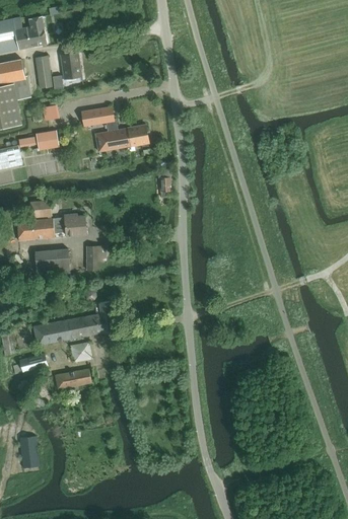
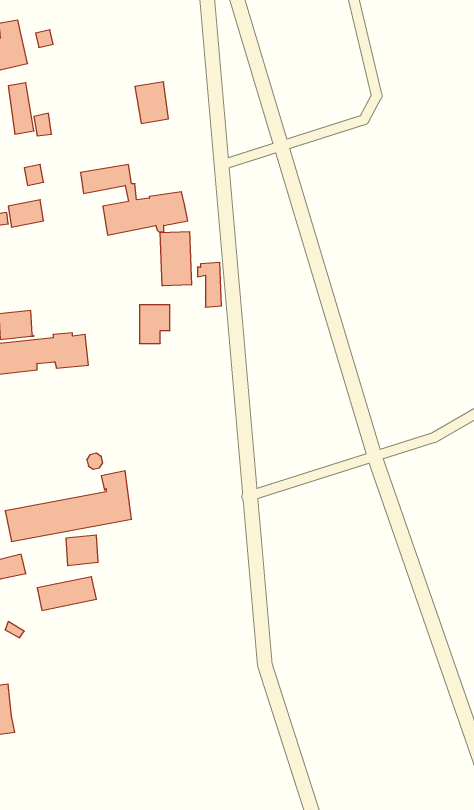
building: [60,53,81,79] -> [135,82,168,123]
building: none -> [160,232,191,286]
building: [86,245,106,270] -> [139,305,170,343]
building: [34,248,69,276] -> none

